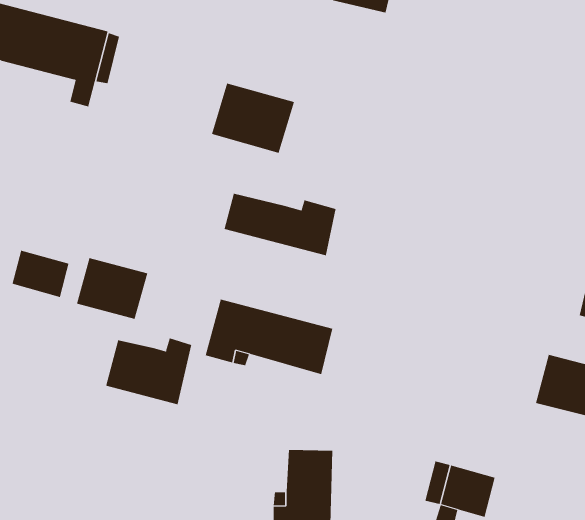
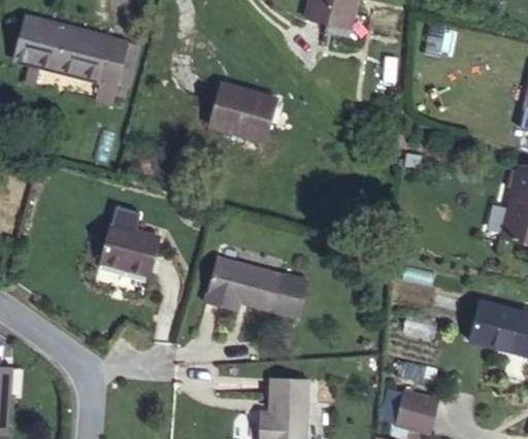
building: [224,193,336,256] -> none
building: [12,250,69,298] -> none
building: [106,338,192,405] -> none

